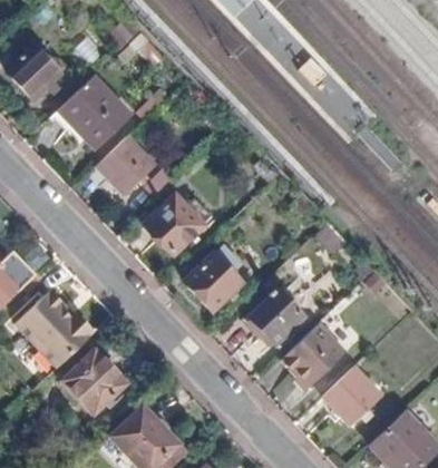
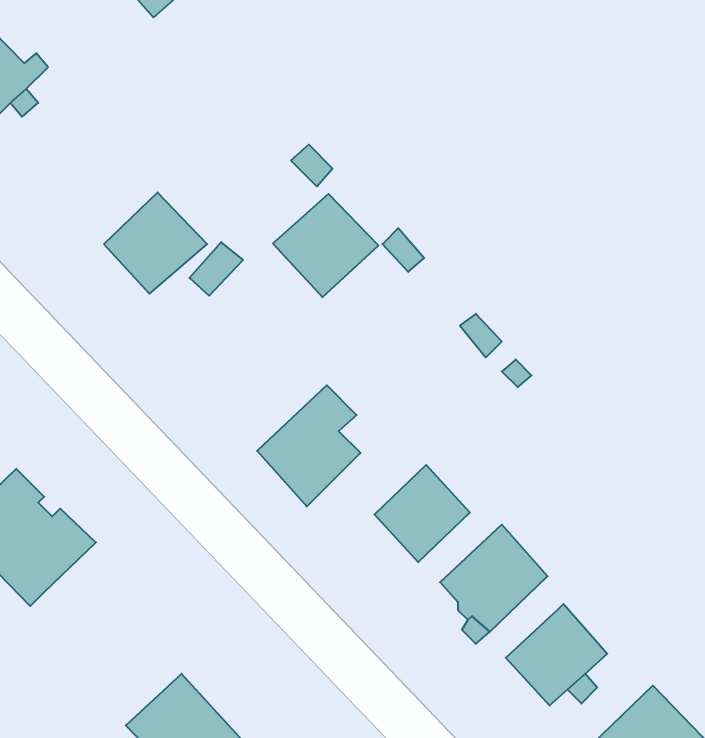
building: [58,76,130,147] -> none
building: [145,195,204,253] -> [273,194,378,297]
building: [58,345,128,417] -> none

